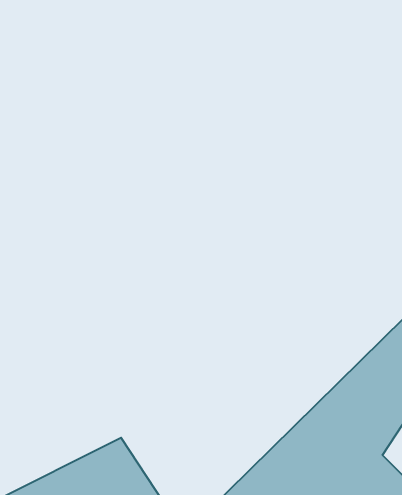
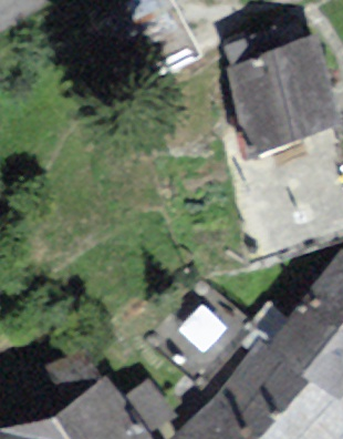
building: none -> [232,49,334,143]

